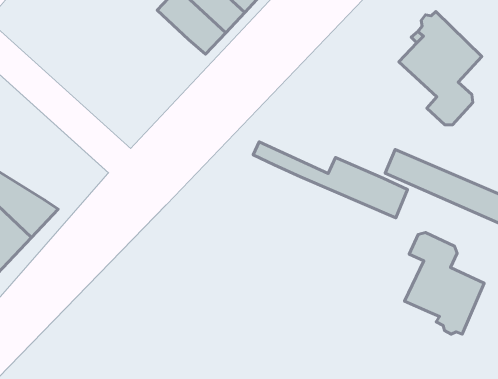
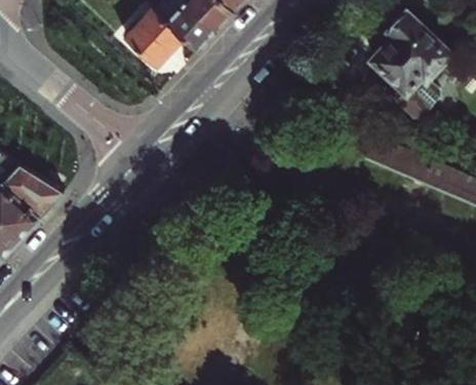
building: none -> [126,8,184,67]
building: [253,142,408,218] -> none
building: [405,232,484,334] -> none

